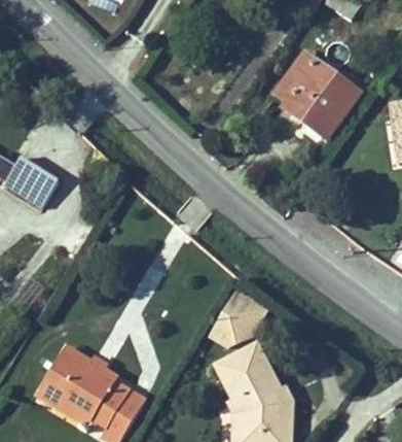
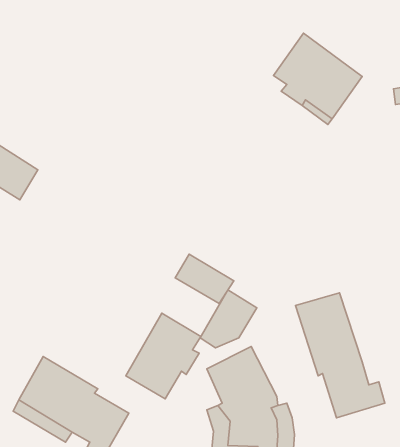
building: none -> [175,254,234,303]
building: none -> [296,293,385,418]
building: none -> [126,313,201,399]

